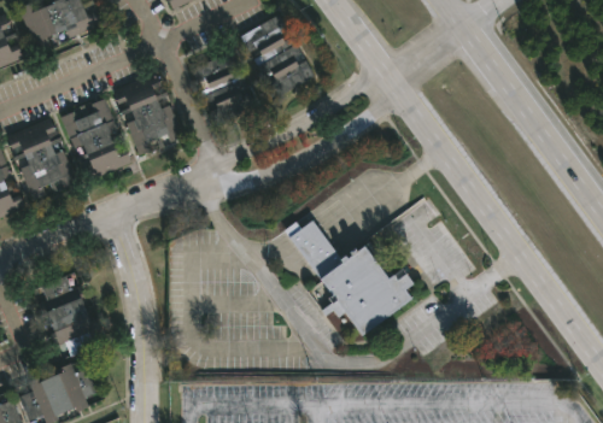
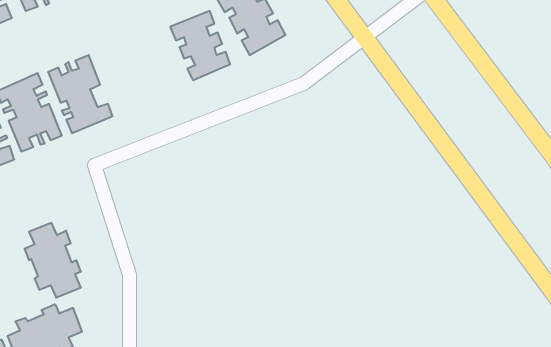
building: [112,74,183,157] -> none
building: [287,221,411,336] -> none

